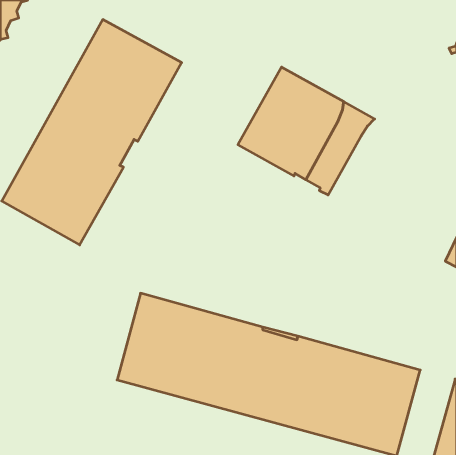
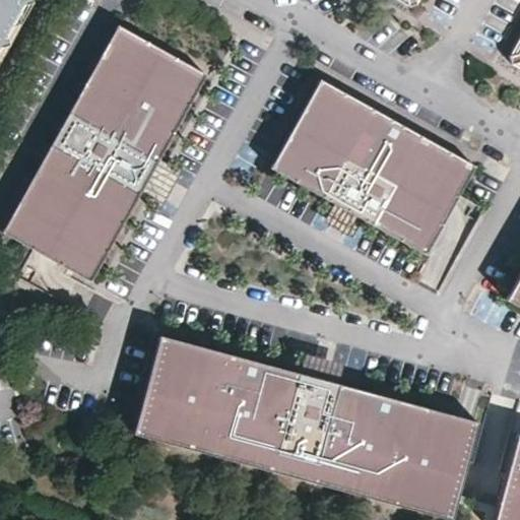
building: none -> [374,137,475,254]

